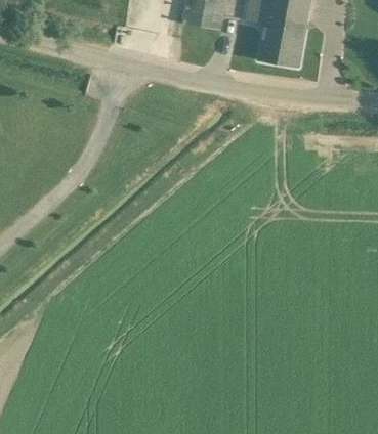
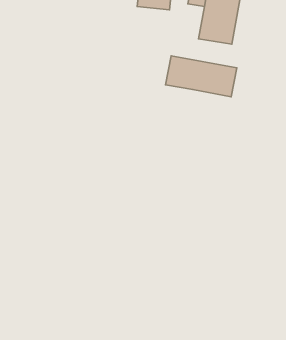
building: none -> [165,56,237,97]

